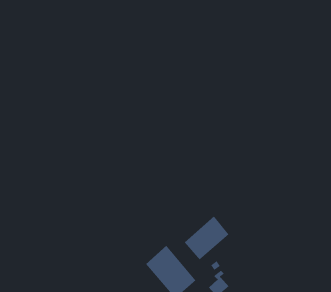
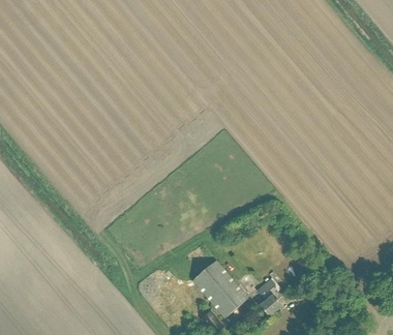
building: [184,216,230,260] -> none

